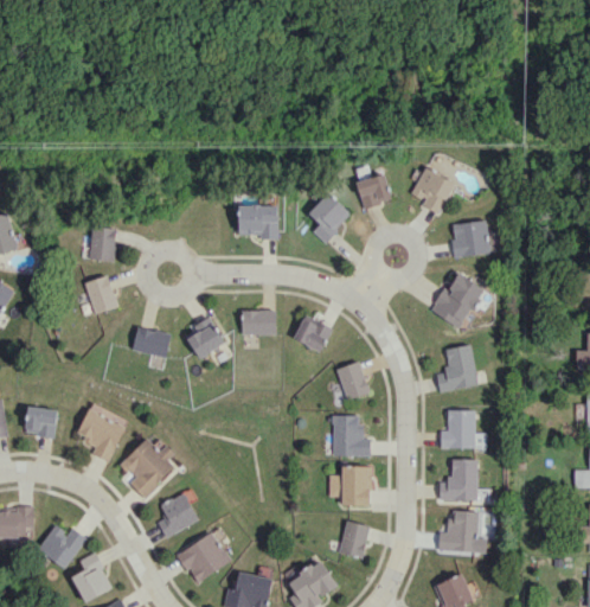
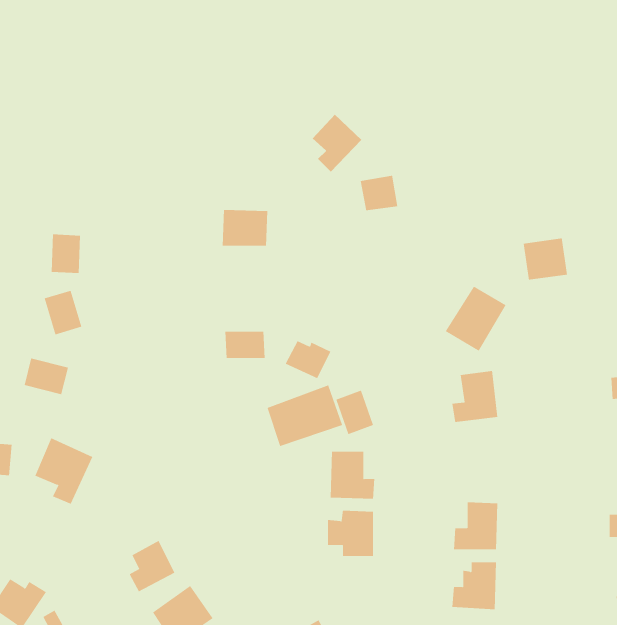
building: [411,168,454,211] -> none
building: [308,192,352,243] -> [312,114,362,173]
building: [450,221,489,257] -> [523,238,568,280]
building: [187,315,225,358] -> none
building: [132,326,171,358] -> [24,358,69,395]
building: none -> [267,385,343,447]
building: [440,410,475,448] -> none
building: [120,439,175,498] -> none
building: [340,522,368,557] -> none

